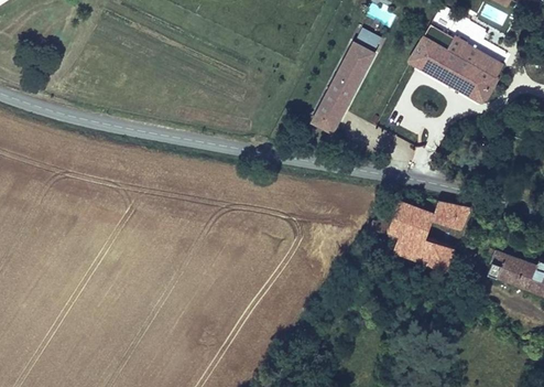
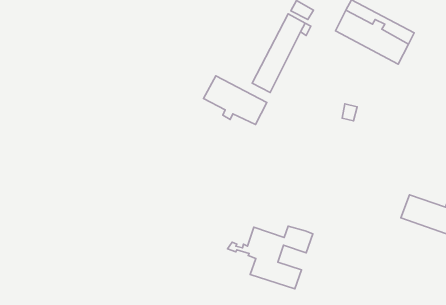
building: none -> [203,76,267,125]
building: [368,201,467,273] -> [227,226,313,289]

